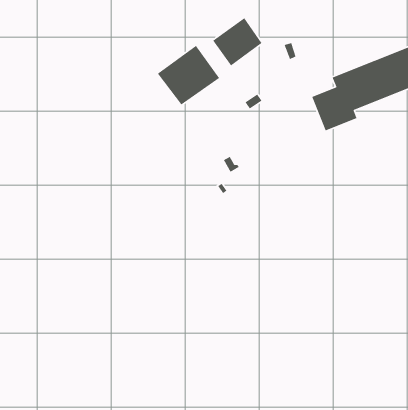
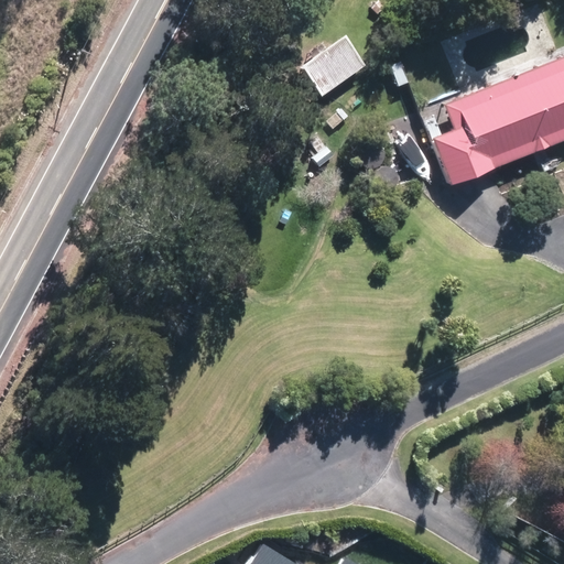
building: [157,45,220,106] -> none

